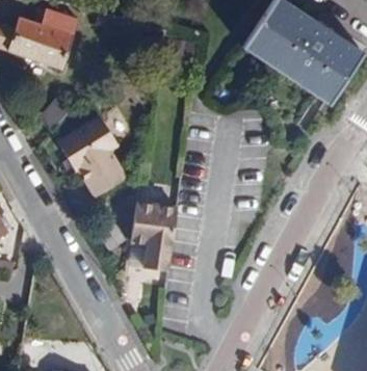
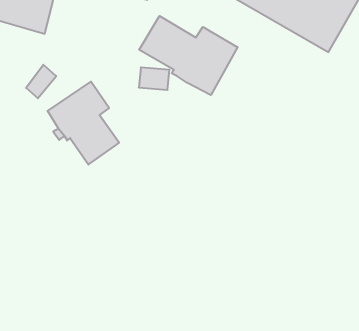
building: none -> [139,16,238,95]
building: [130,201,179,270] -> none

